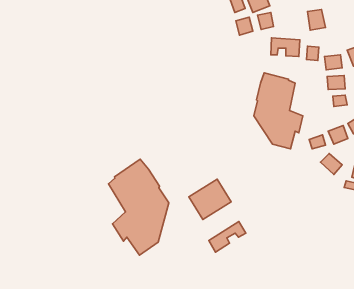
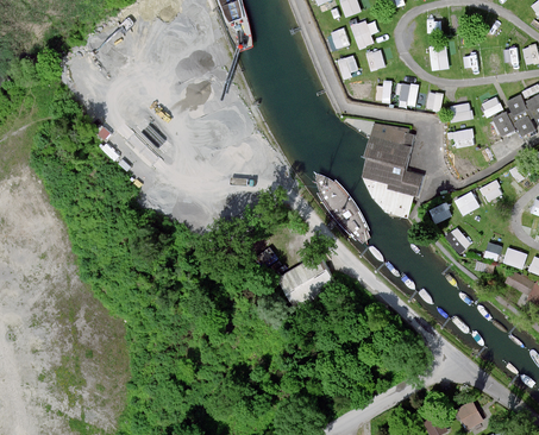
building: [108,159,169,255] -> none
building: [209,222,246,252] -> none

